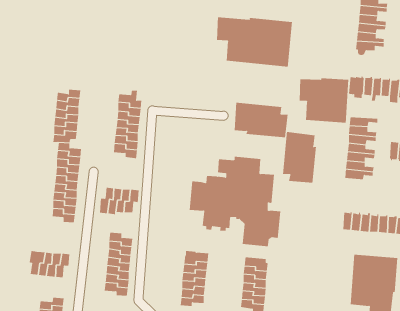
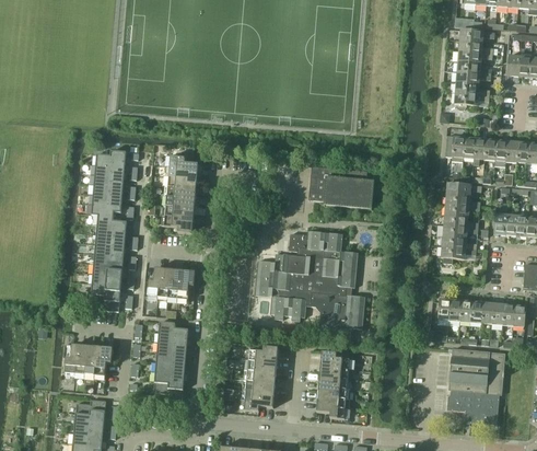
building: [216,17,292,67] -> none
building: [299,77,349,123] -> none
building: [282,131,317,184] -> none

